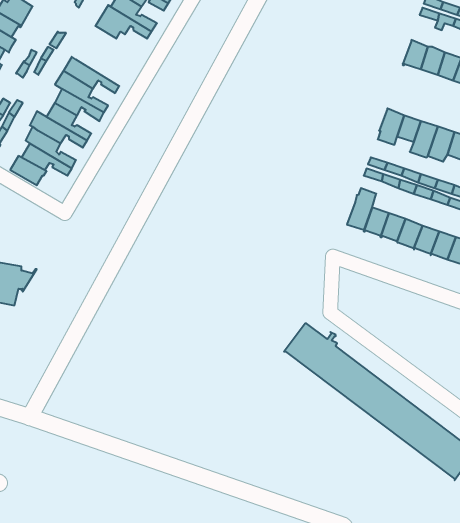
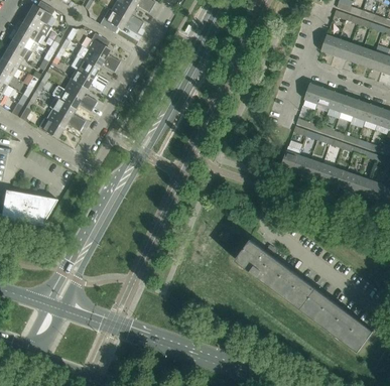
building: none -> [86,33,121,68]

